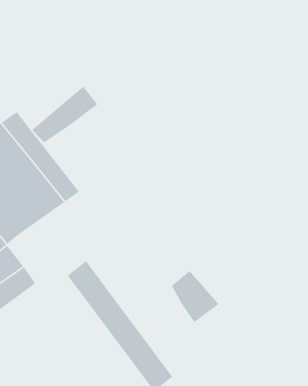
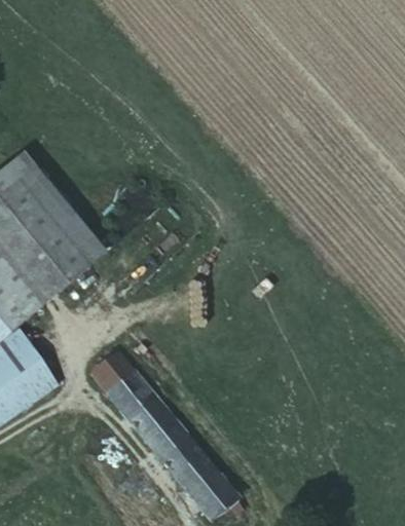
building: [31,86,98,143] -> none
building: [171,270,220,323] -> none

